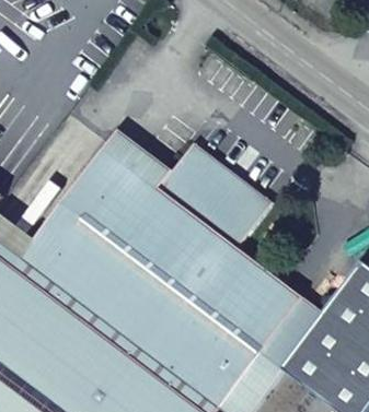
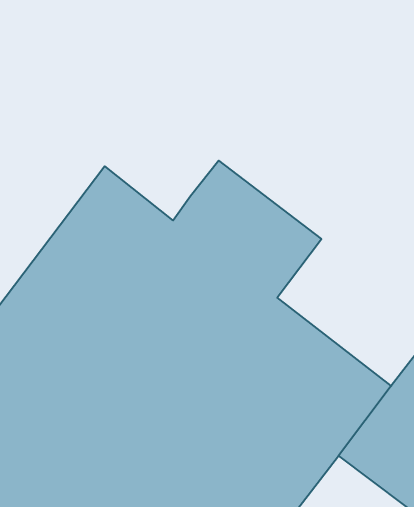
building: [104,129,170,187] -> none

